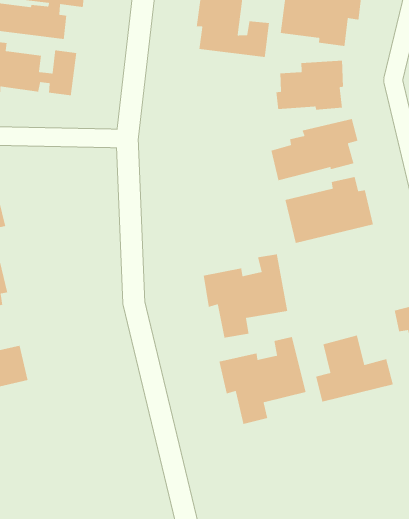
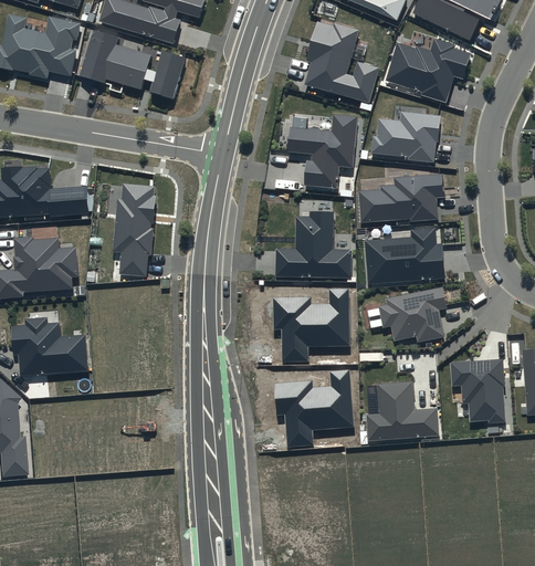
building: none -> [285,107,356,184]
building: none -> [275,208,350,275]
building: none -> [115,189,159,281]
building: none -> [378,285,447,340]

